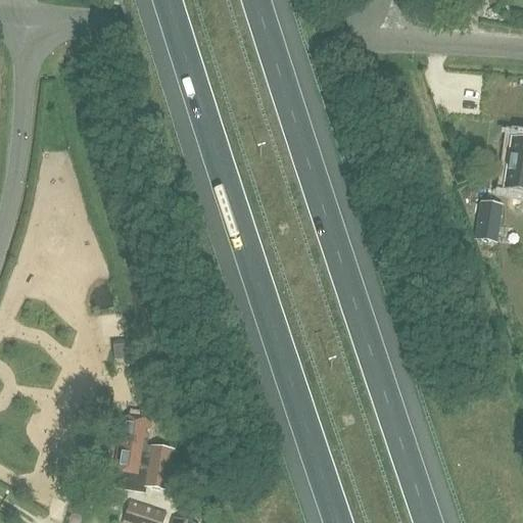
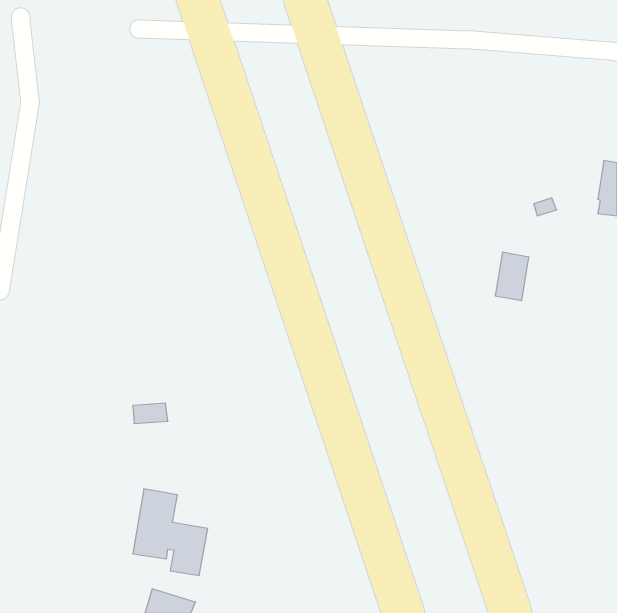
building: [474,201,503,242] -> [495,252,529,301]

